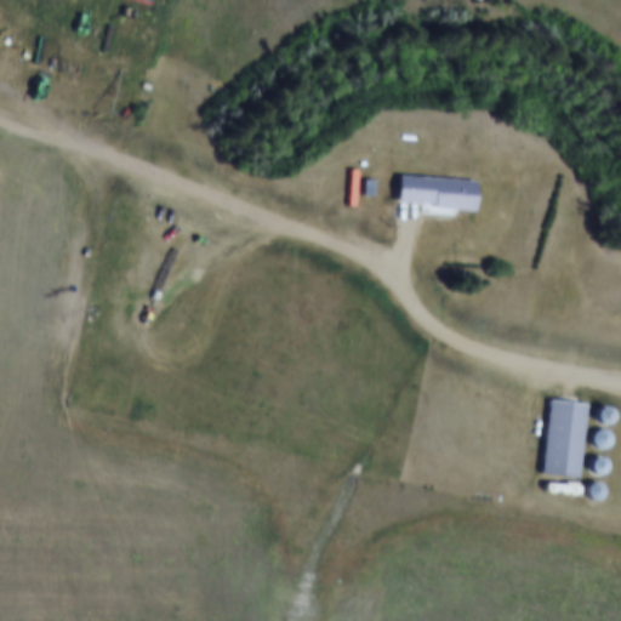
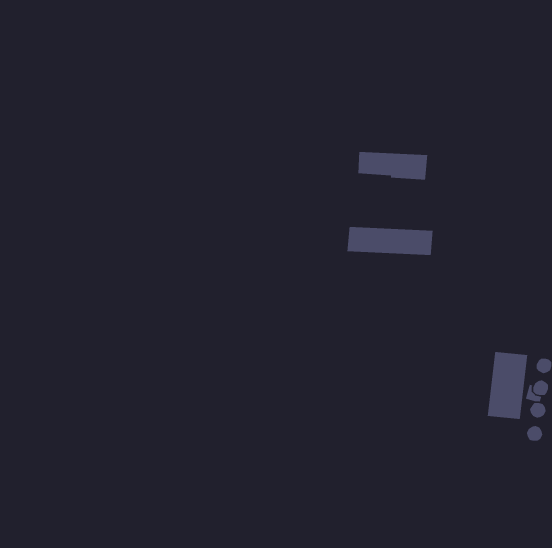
building: none -> [347,226,434,256]

